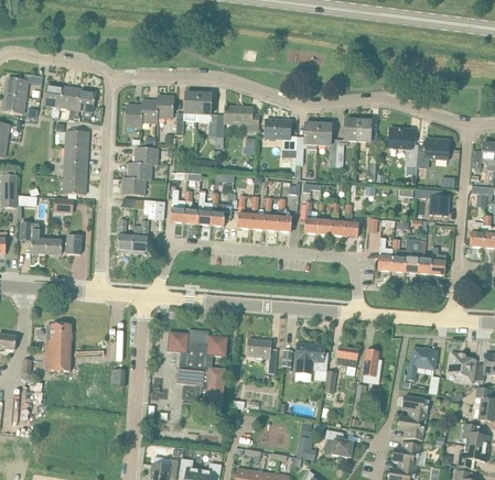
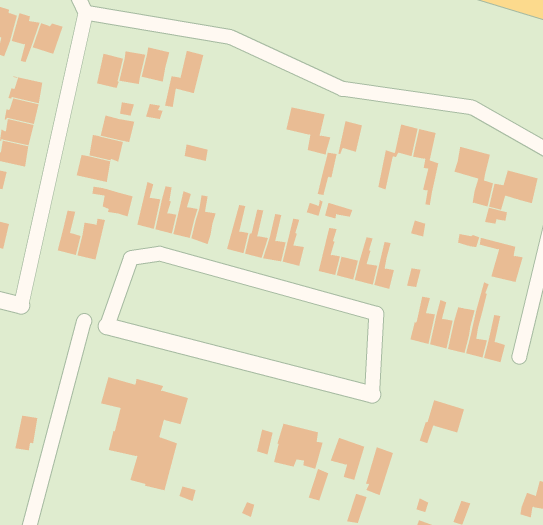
building: [196,94,217,137] -> none
building: [225,106,259,130] -> none
building: [318,124,337,166] -> none
building: [247,339,277,373] -> none
building: [408,348,437,380] -> [419,399,465,444]
building: [449,352,475,381] -> none

